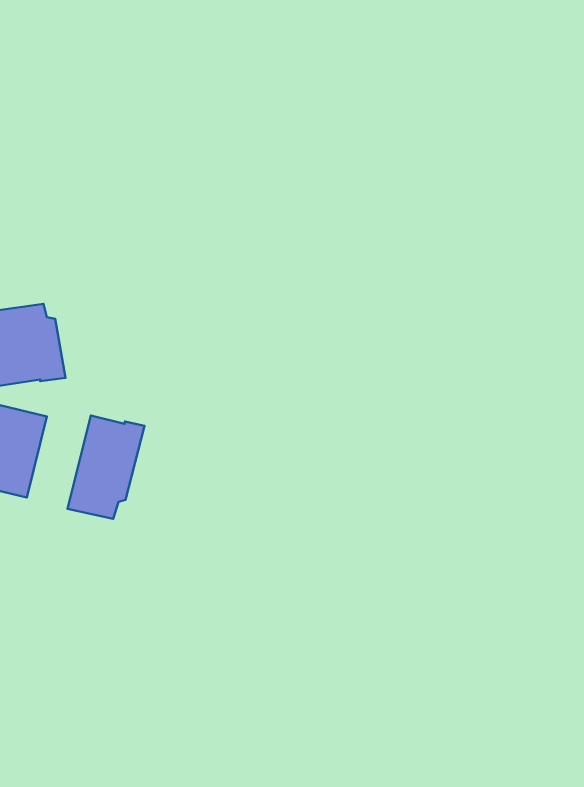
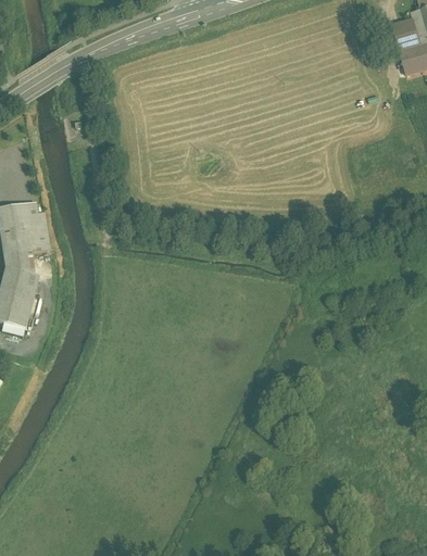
building: [68,416,144,519] -> none

